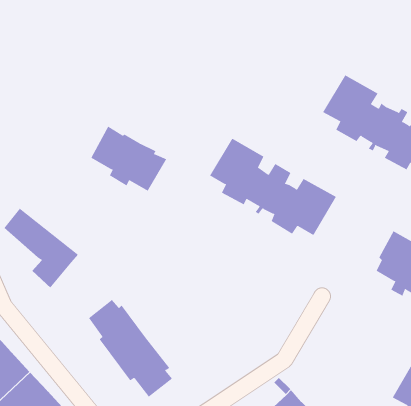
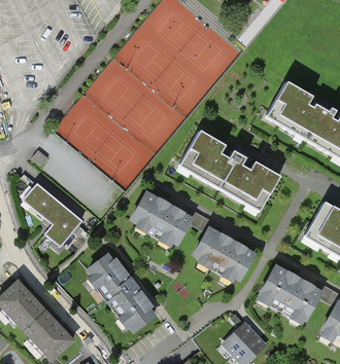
building: [90,126,167,192] -> [132,192,191,243]
building: none -> [194,228,252,279]
building: none -> [260,266,319,319]

